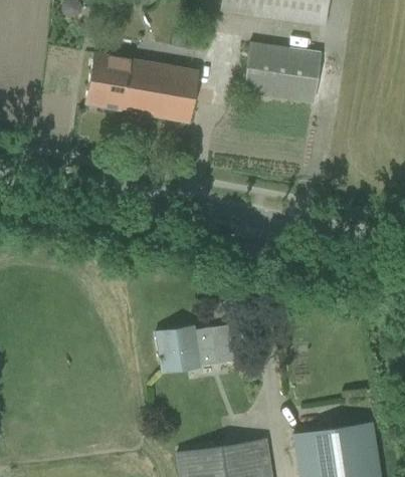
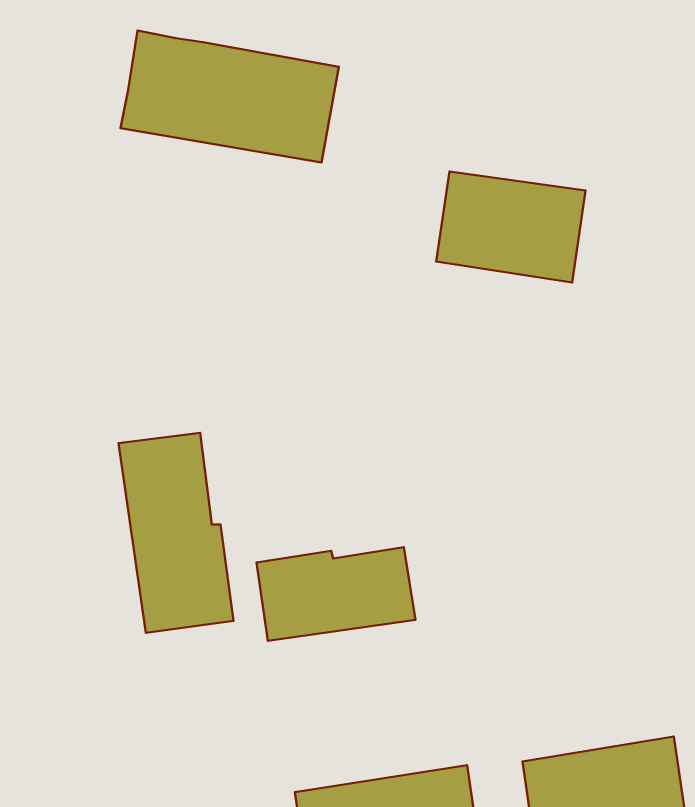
building: [243,43,322,101] -> [436,171,586,282]
building: none -> [119,433,234,633]

